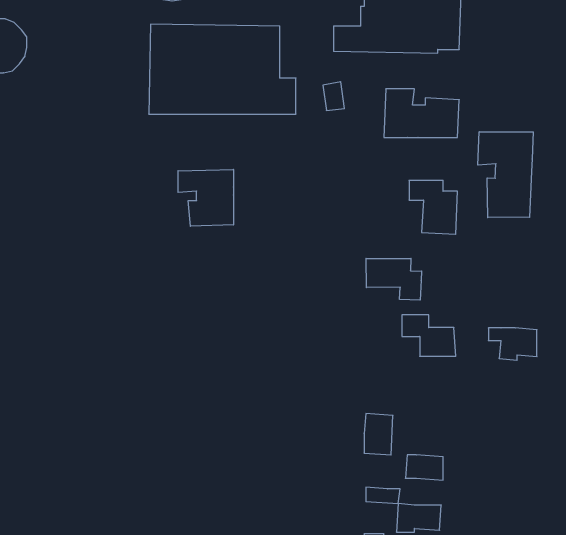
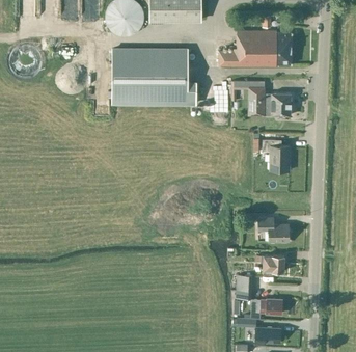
building: [478,132,533,218] -> none
building: [178,169,233,226] -> none
building: [366,258,422,300] -> none
building: [488,328,537,360] -> [256,255,284,274]

